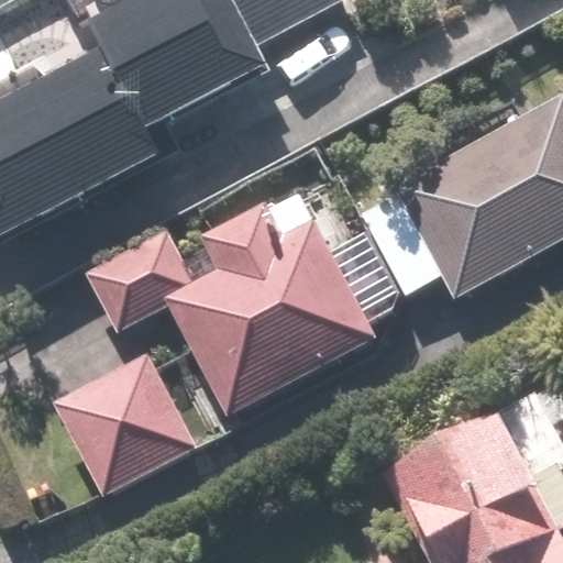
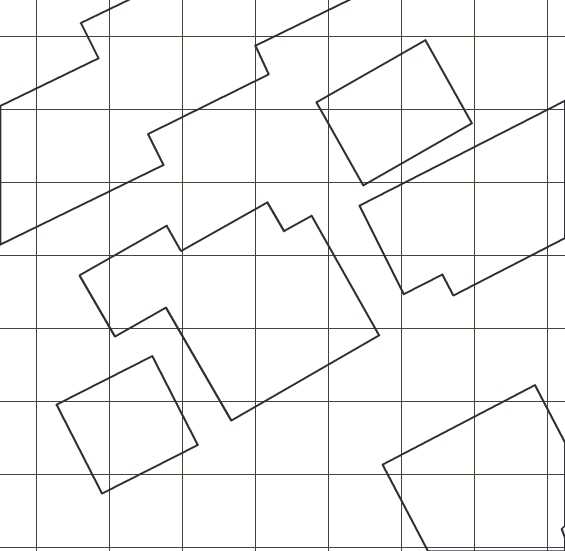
building: none -> [317,40,472,185]

